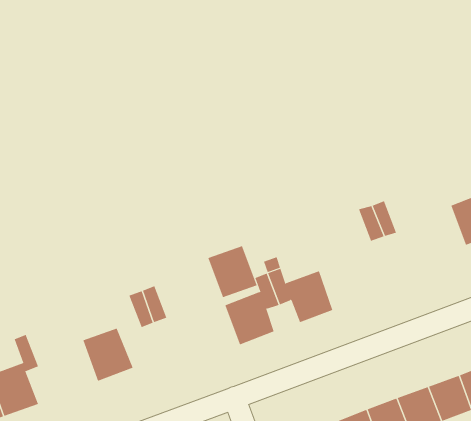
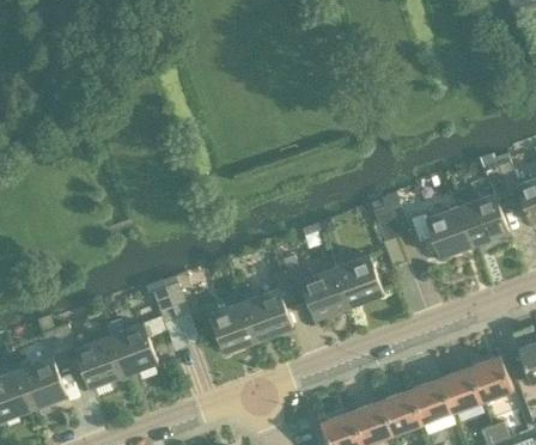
building: none -> [412,206,476,257]
building: [207,245,257,298] -> [212,301,260,352]
building: none -> [336,256,384,306]
building: none -> [55,324,123,386]

